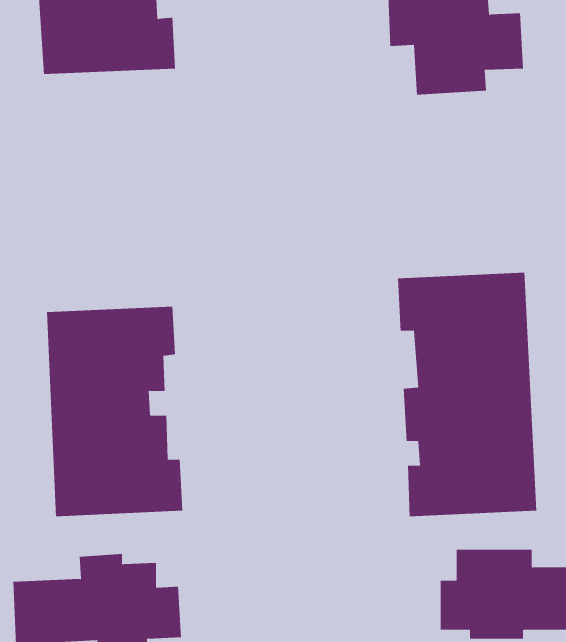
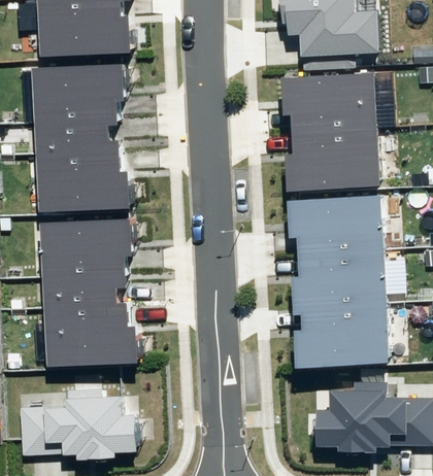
building: none -> [34,64,130,212]
building: none -> [284,73,378,189]

